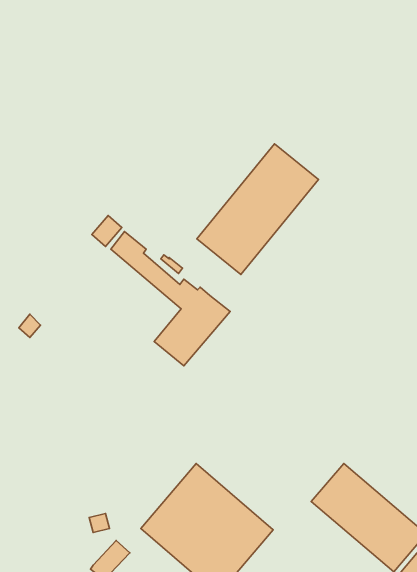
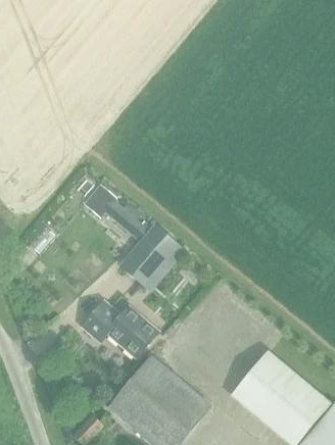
building: [197,144,318,275] -> none
building: none -> [82,298,156,355]

